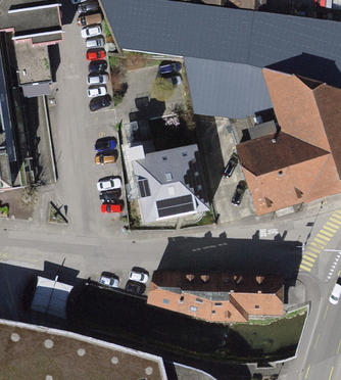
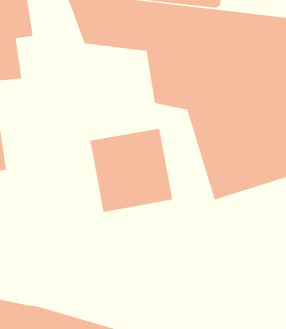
building: [149,272,285,324] -> none

